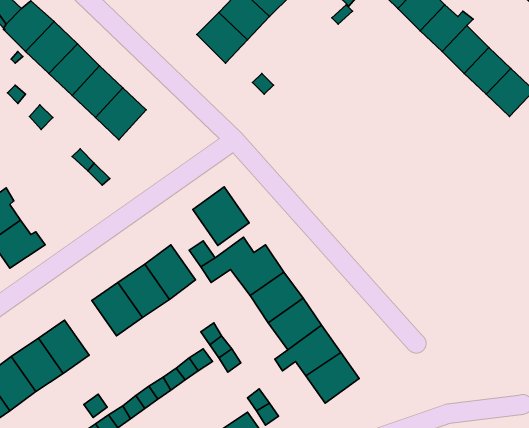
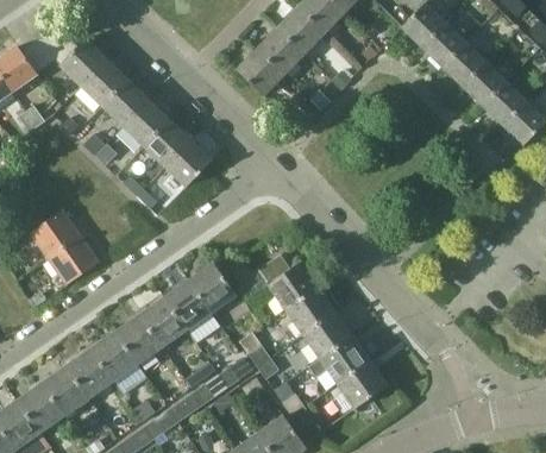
building: none -> [165,139,212,187]
building: [193,187,249,246] -> none
building: none -> [115,314,163,364]

